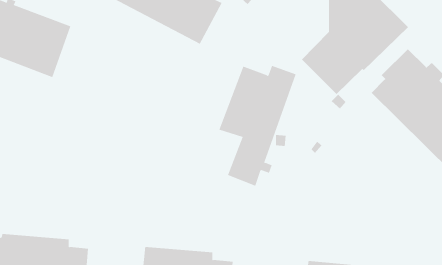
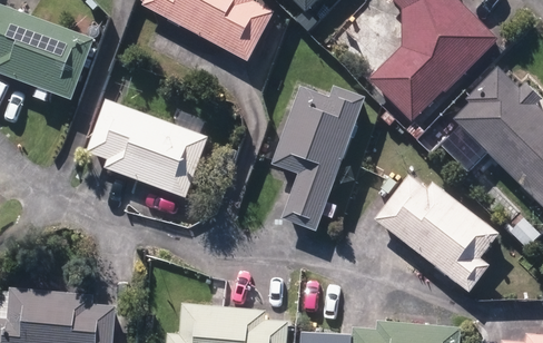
building: none -> [86,99,207,197]
building: none -> [374,175,498,294]

